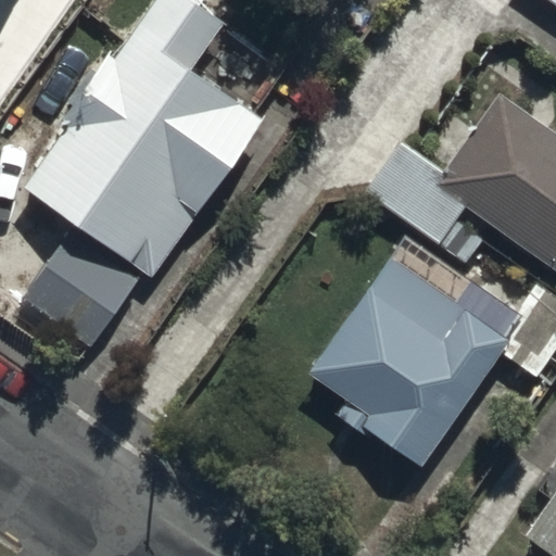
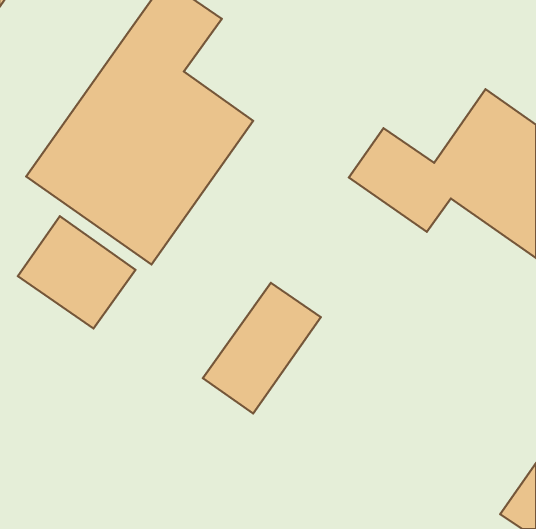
building: [304,262,511,467] -> none
building: none -> [203,283,321,413]

